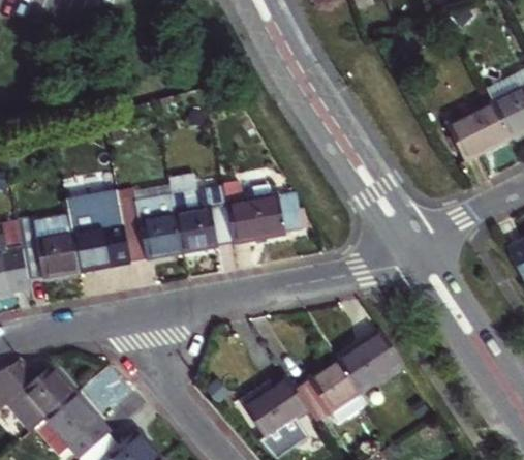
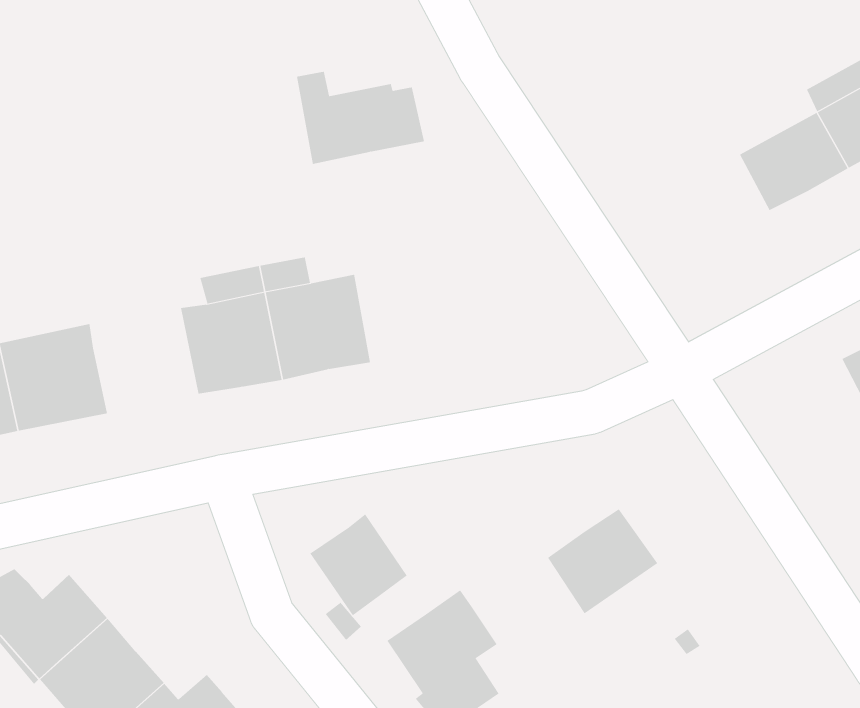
building: [65,188,132,273] -> none
building: [224,188,300,243] -> [296,71,425,164]
building: none -> [309,514,408,616]
building: [294,358,367,422] -> none

